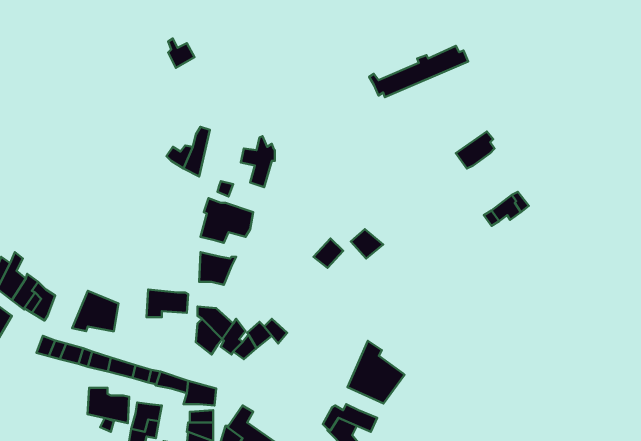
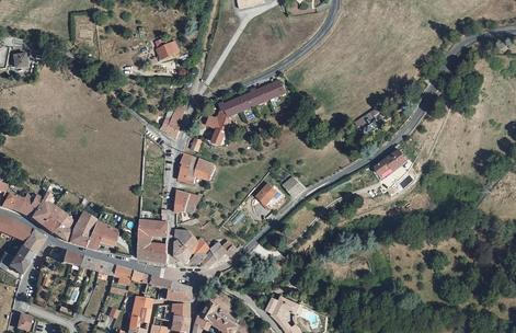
building: [369,46,468,97] -> [218,81,288,117]
building: none -> [70,213,98,244]
building: [348,341,404,404] -> none
building: [88,388,129,423] -> [138,237,168,262]

